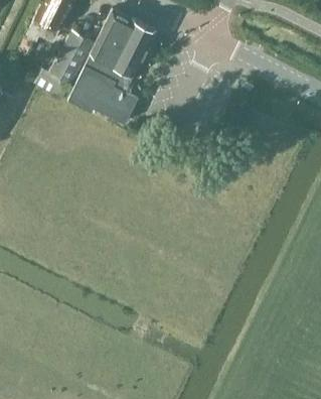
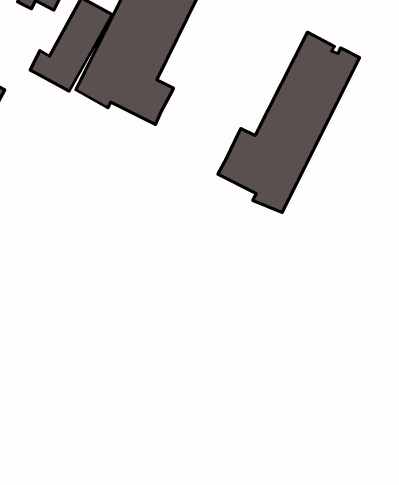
building: none -> [218,32,360,213]

